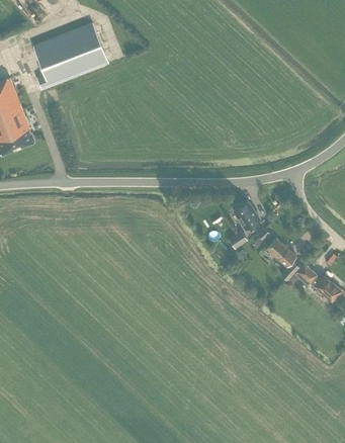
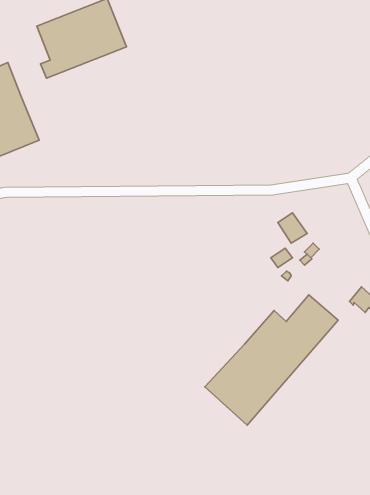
building: [266,238,298,279] -> none
building: none -> [205,295,338,425]

